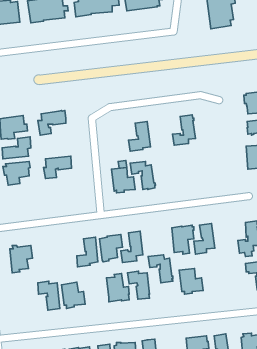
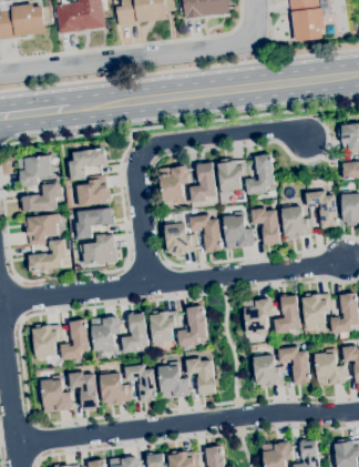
building: none -> [218,160,247,192]
building: none -> [157,165,189,205]
building: none -> [78,175,111,206]
building: none -> [306,191,339,229]
building: none -> [281,206,312,241]
building: none -> [252,209,280,244]
building: none -> [223,212,254,250]
building: none -> [81,234,117,265]
building: none -> [30,240,68,273]
building: none -> [302,294,331,329]
building: none -> [91,316,121,354]
building: none -> [60,321,90,361]
building: [148,255,173,283] -> [278,347,310,384]
building: none -> [315,348,346,386]
building: none -> [125,365,157,402]
building: none -> [41,375,72,413]

